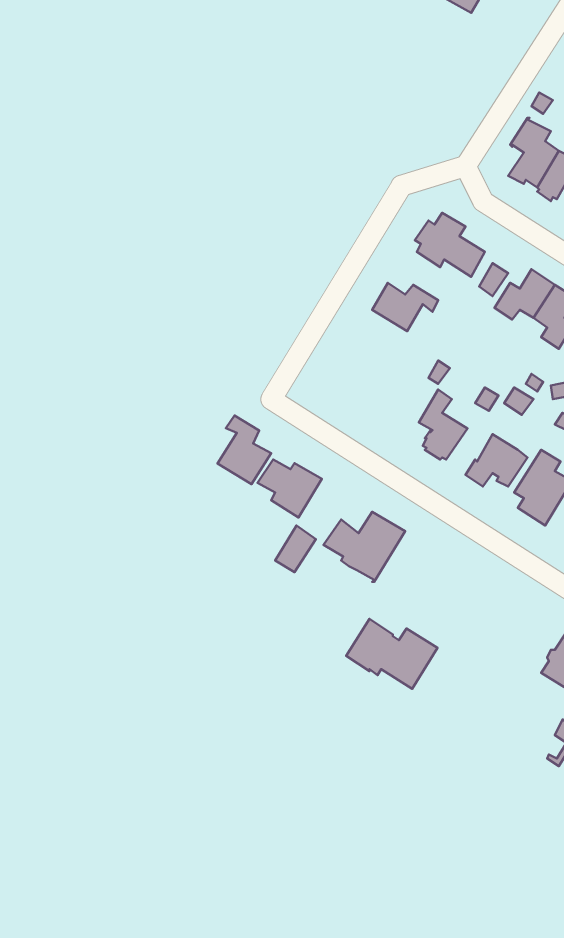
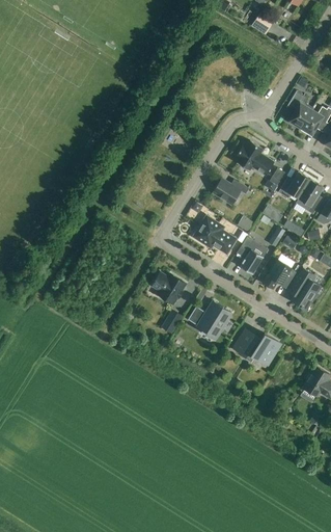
building: none -> [192,216,236,252]
building: [217,416,271,484] -> none
building: [346,619,438,689] -> [232,328,281,366]

